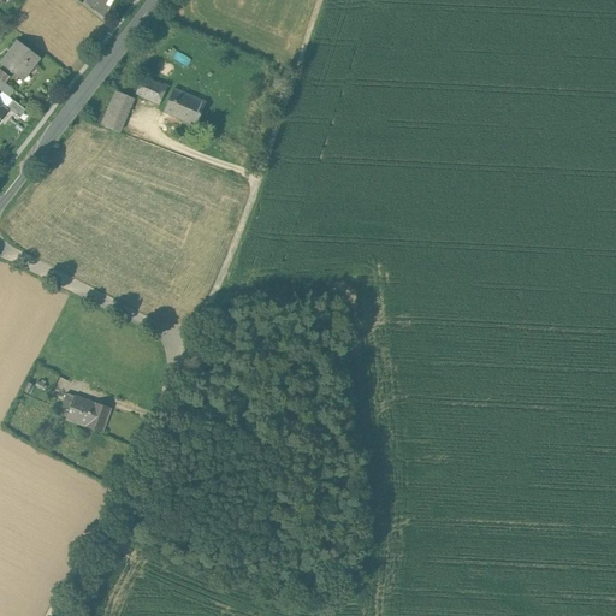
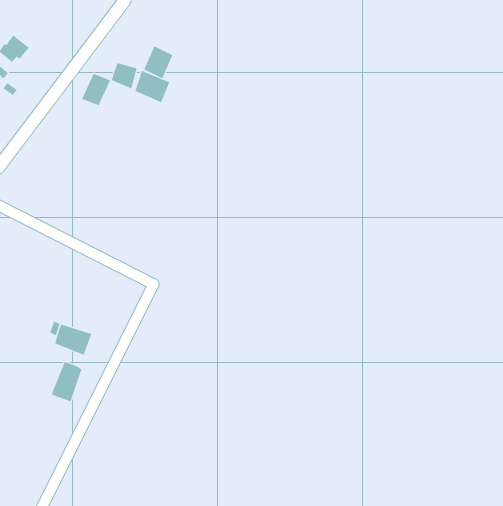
building: none -> [144,45,173,79]
building: none -> [51,361,82,402]

